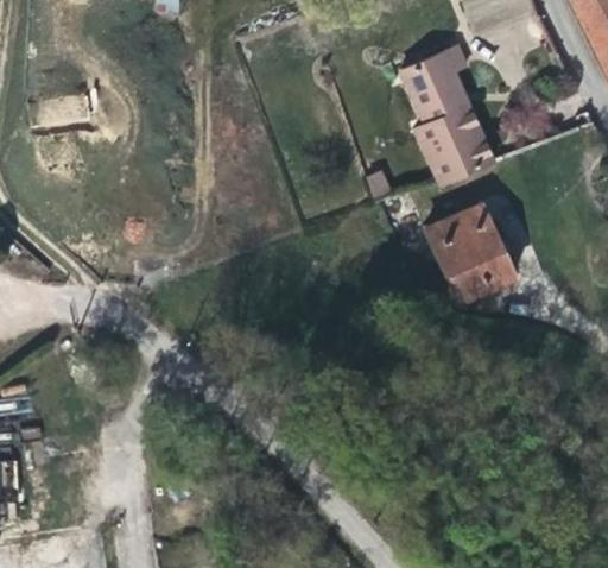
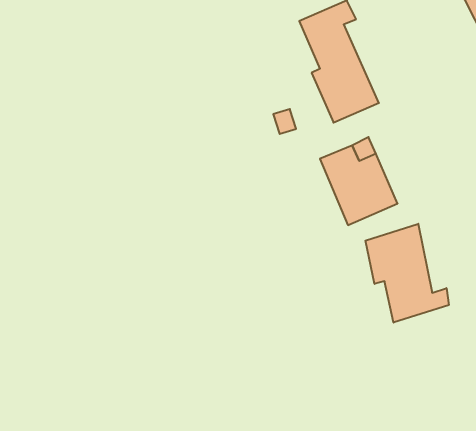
building: none -> [365,224,449,323]

